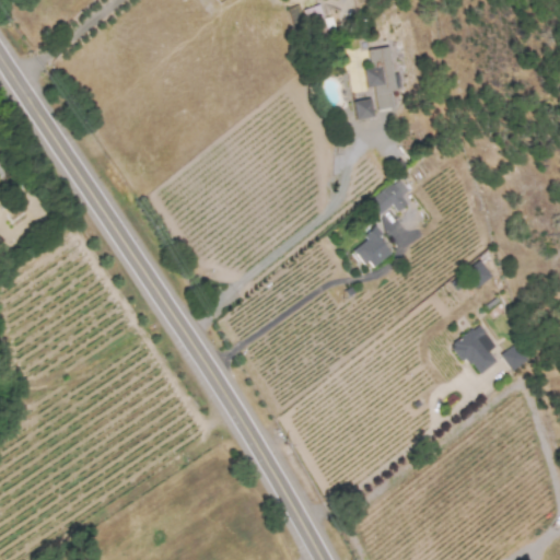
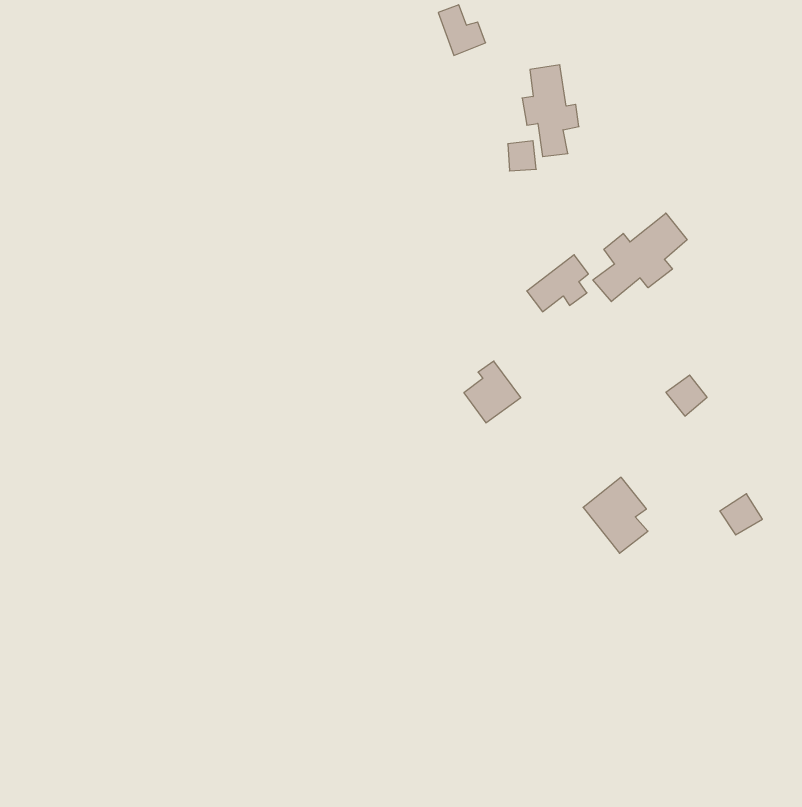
building: none -> [593,213,687,302]
building: [355,226,395,269] -> [464,361,521,423]
building: [454,323,499,375] -> [583,477,648,553]

